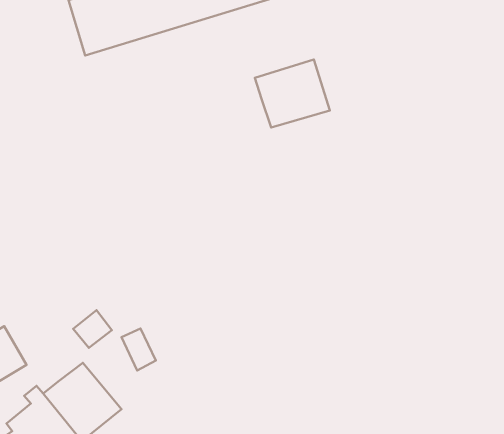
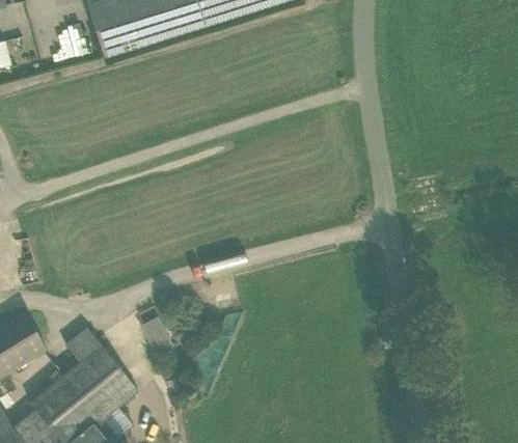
building: [255,60,330,128] -> none
building: [73,310,112,348] -> [63,325,100,360]

